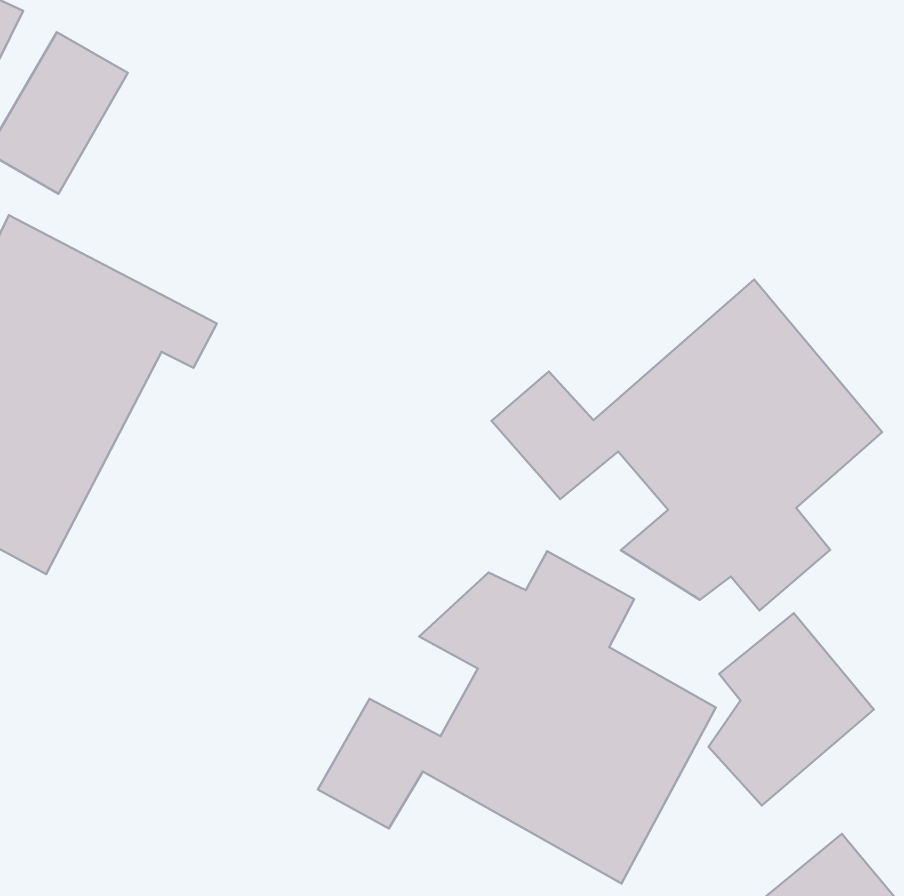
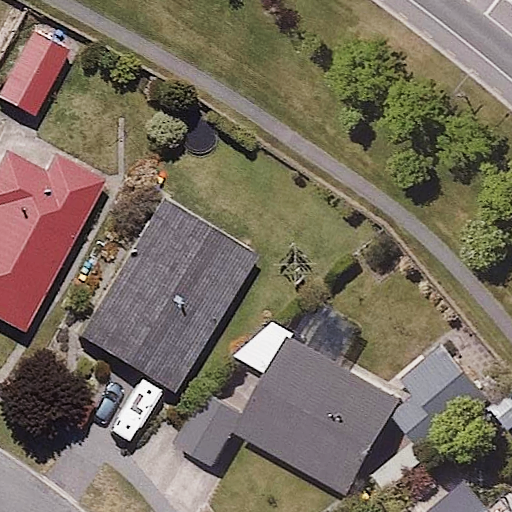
building: [491,280,882,610] -> none
building: none -> [79,188,256,391]

